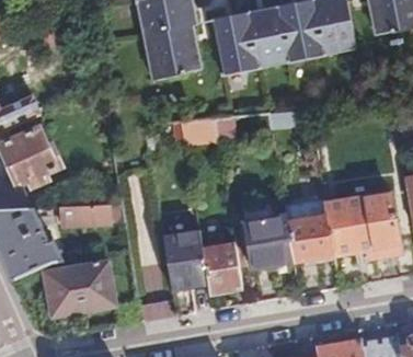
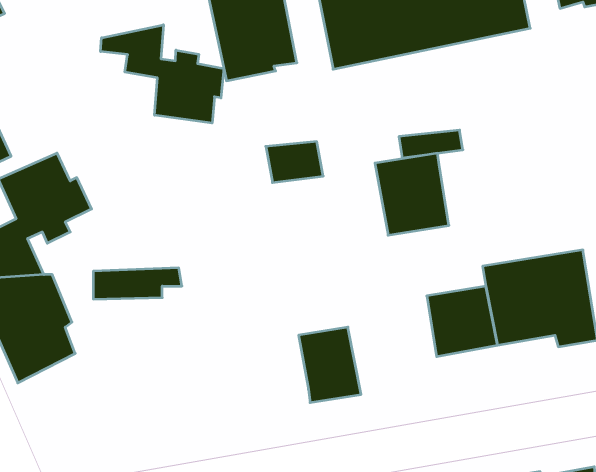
building: none -> [101,25,224,123]
building: [243,215,292,269] -> [375,153,449,235]
building: [164,241,207,291] -> none
building: [46,263,115,314] -> none

